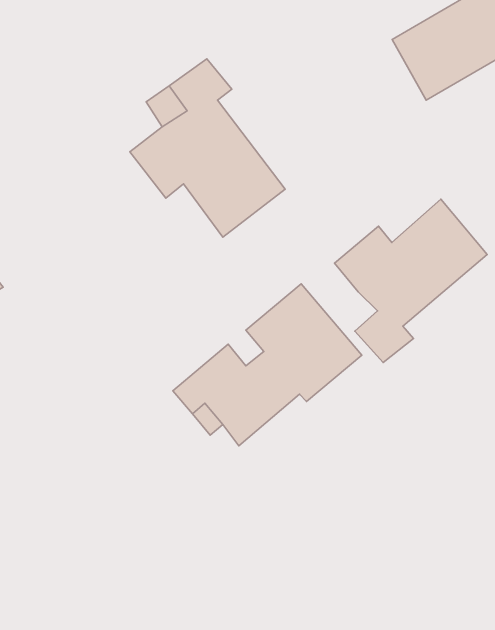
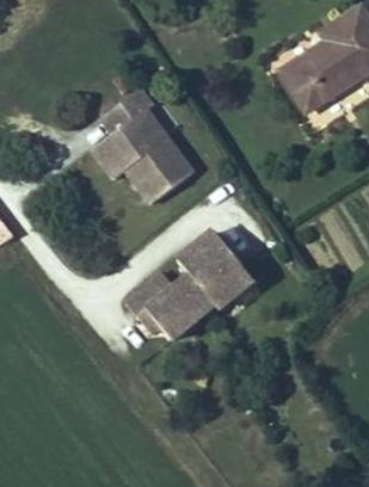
building: [334,199,487,362] -> none

